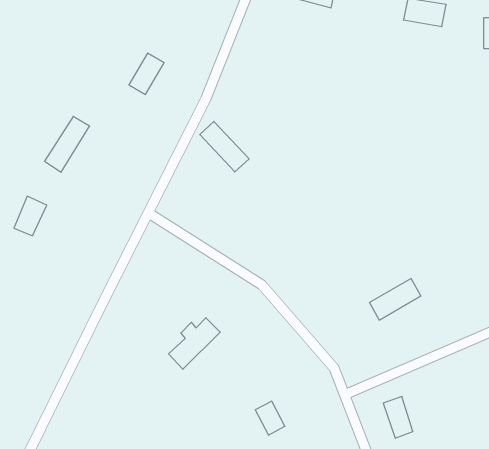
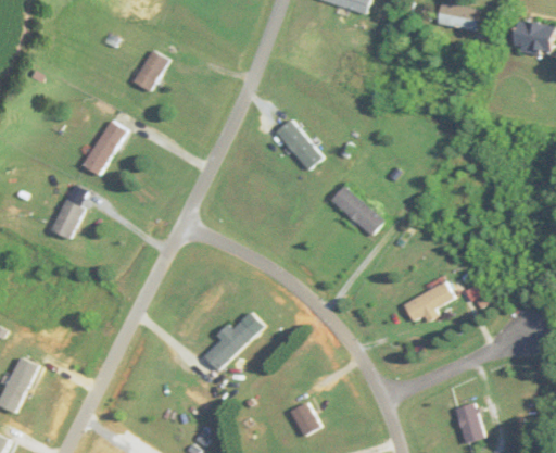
building: [129,53,164,95] -> [132,49,167,90]
building: [200,121,249,172] -> [274,119,323,169]
building: none -> [331,185,382,236]
building: [383,396,413,438] -> [454,402,483,443]

